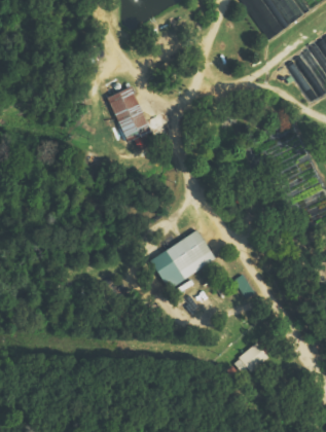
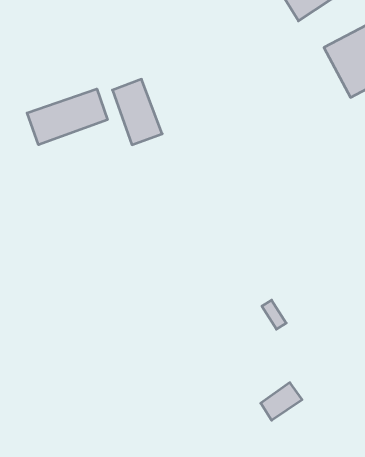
building: none -> [27,89,107,145]
building: [150,229,216,288] -> none

